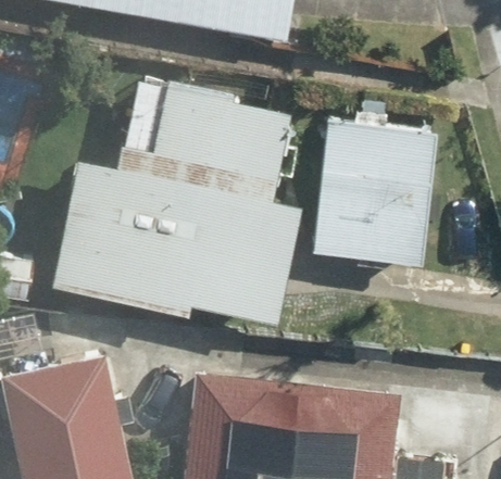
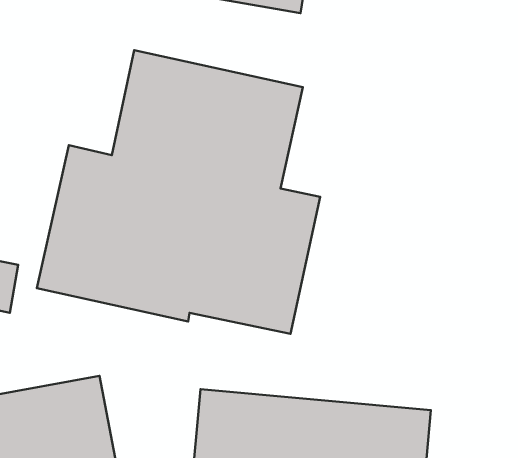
building: [310,121,431,268] -> none

